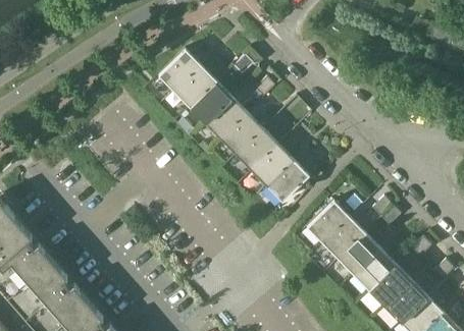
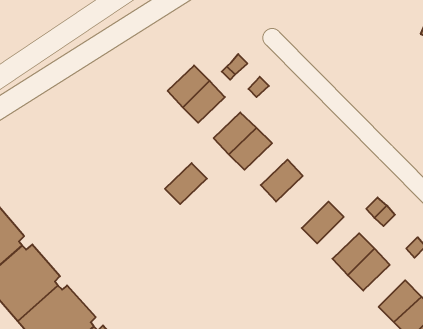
building: [160,50,202,92] -> none
building: [206,98,248,139] -> [165,163,207,204]
building: [252,144,295,185] -> none
building: [324,217,366,259] -> none
building: [370,265,412,307] -> none

